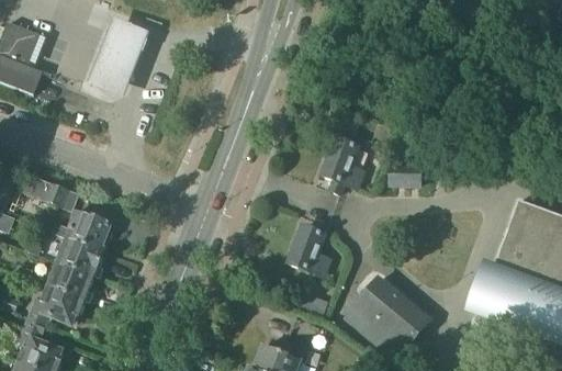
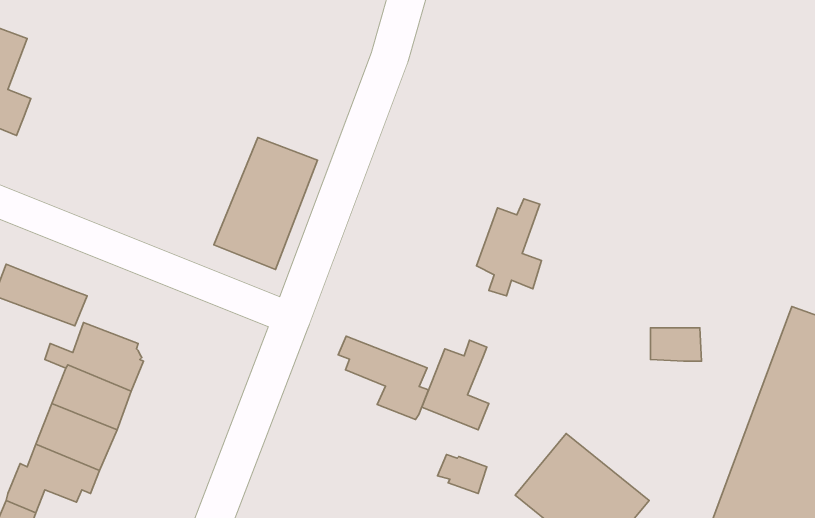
building: [85,16,149,99] -> [214,137,318,270]
building: [389,165,420,185] -> [650,328,701,361]
building: none -> [338,336,429,420]

